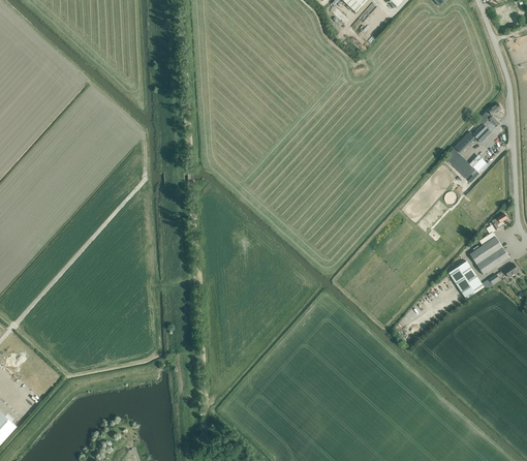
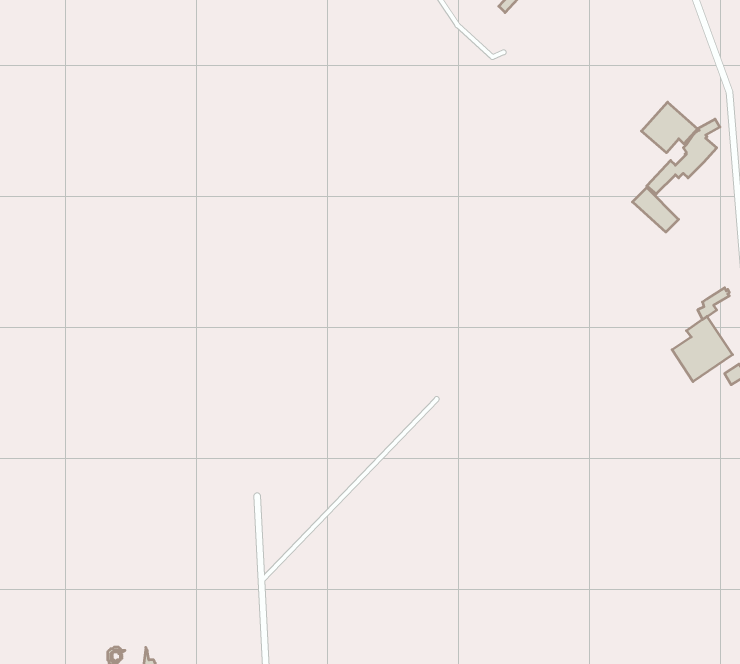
building: none -> [641,102,698,153]
building: [448,260,484,298] -> none

